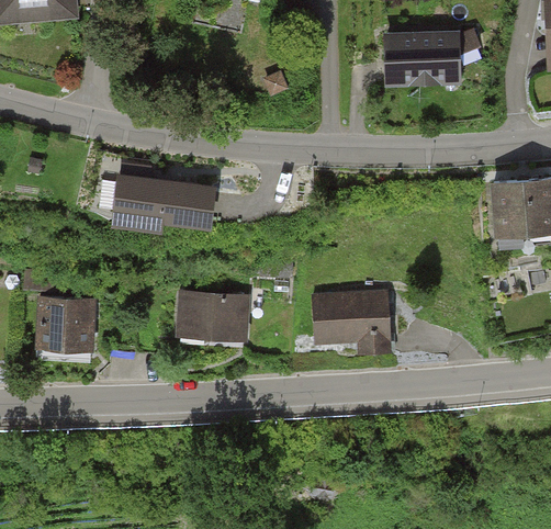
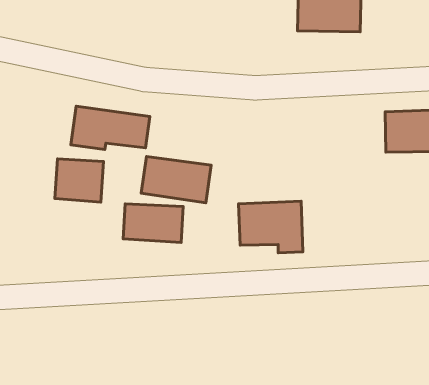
building: none -> [141,157,211,203]
building: [37,297,95,349] -> [55,159,104,202]

